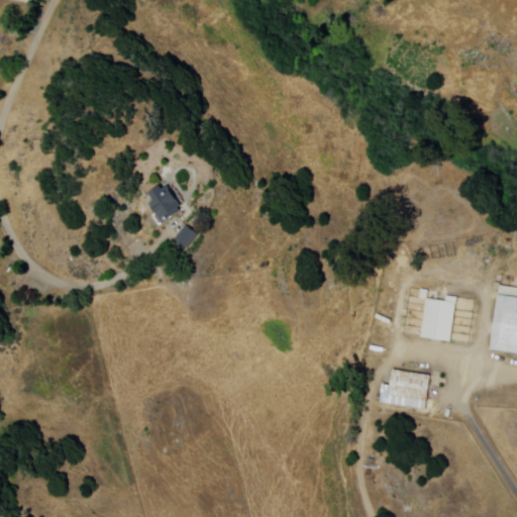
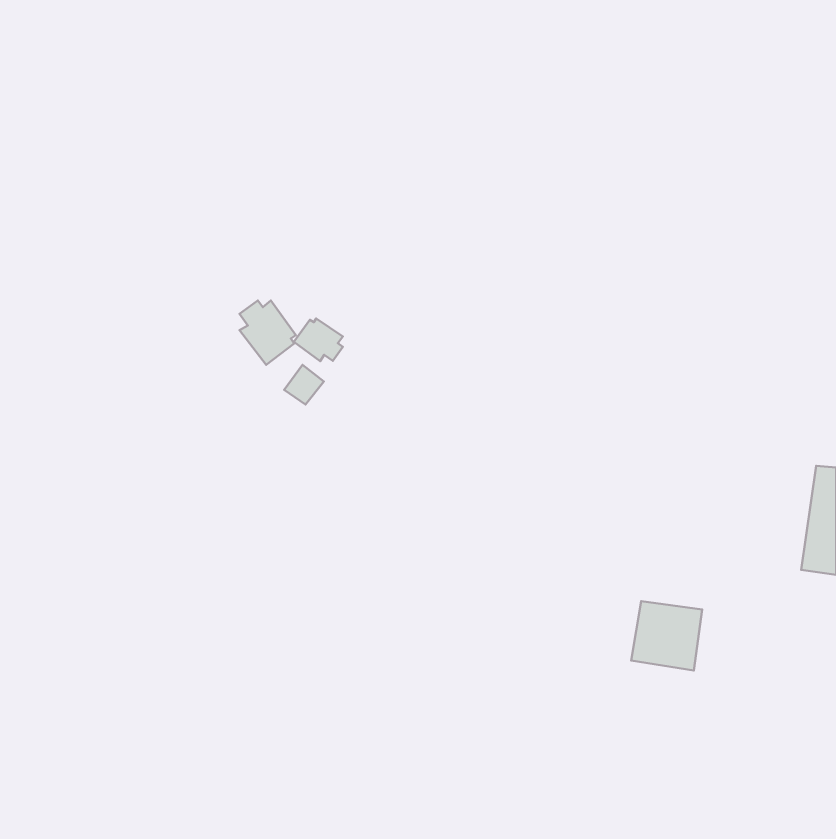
building: none -> [294,318,343,361]
building: [419,294,457,343] -> none

